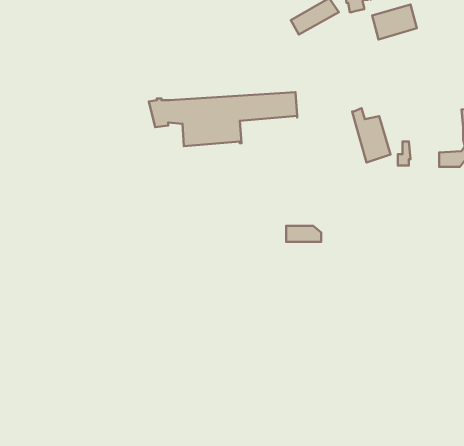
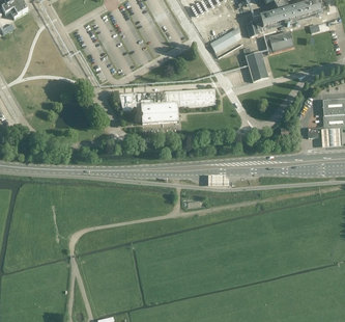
building: [352,108,390,162] -> [242,46,267,81]

